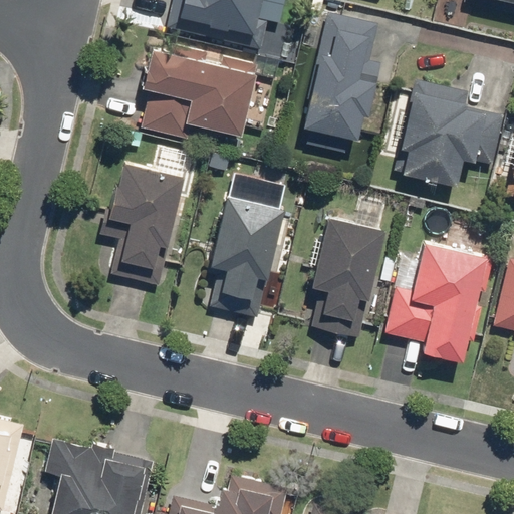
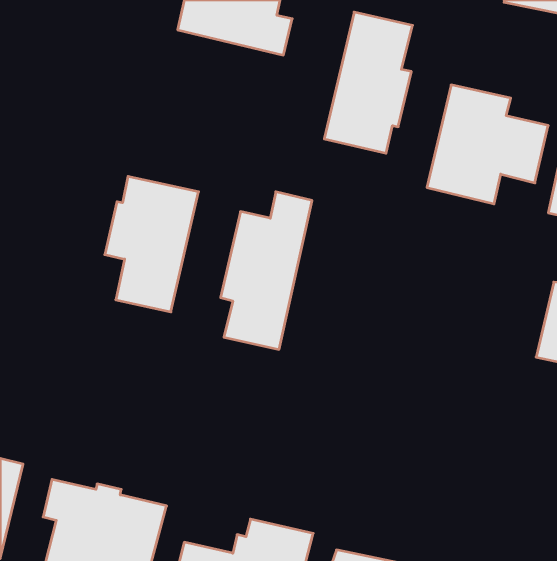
building: [141,48,259,140] -> none
building: [309,217,384,338] -> none
building: [386,240,496,363] -> none

